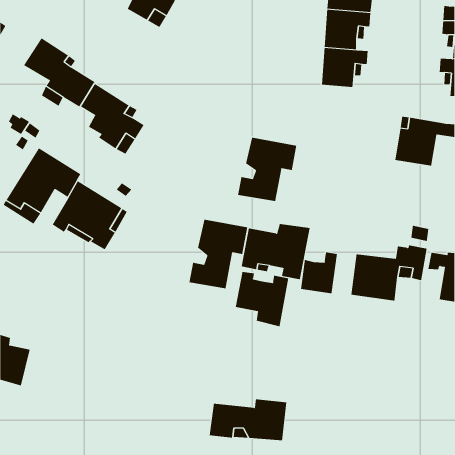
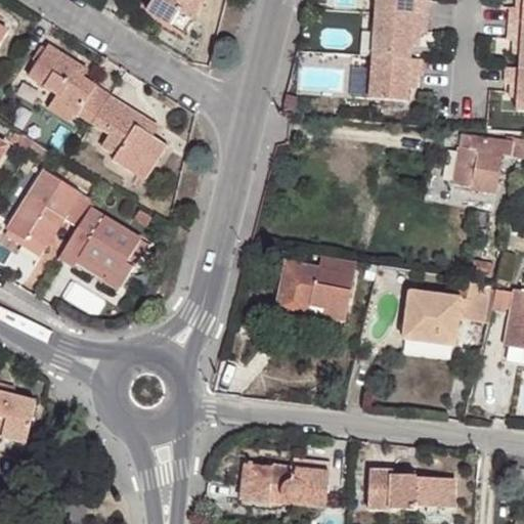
building: [238,137,297,202] -> none
building: [189,219,248,289] -> none
building: [300,252,337,294] -> none
building: [235,271,289,327] -> none
building: none -> [366,469,452,509]

